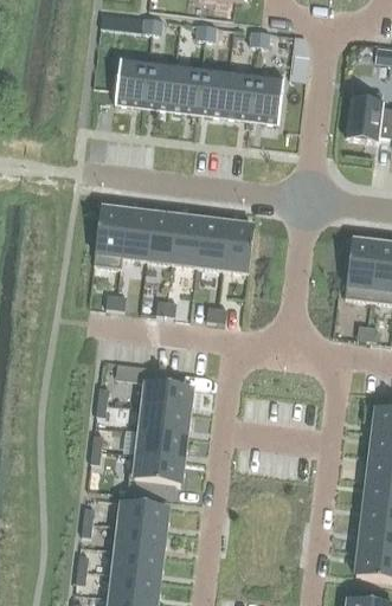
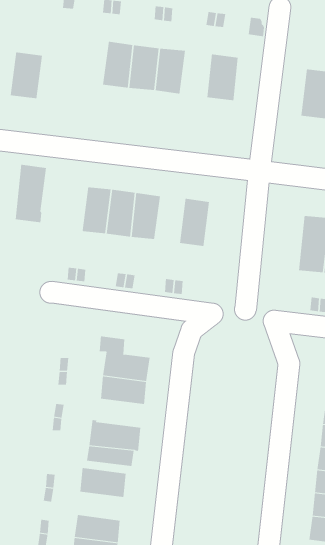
building: [115,57,149,105] -> [10,52,43,99]
building: [224,70,256,118] -> none
building: [95,207,128,267] -> [15,164,47,223]
building: [198,220,229,269] -> none
building: [137,430,187,459] -> none
building: [117,526,166,555] -> none

